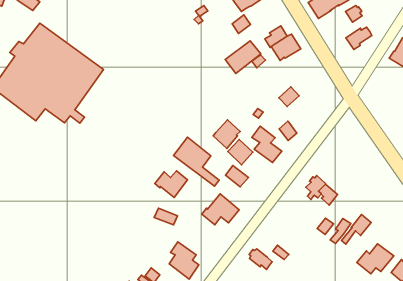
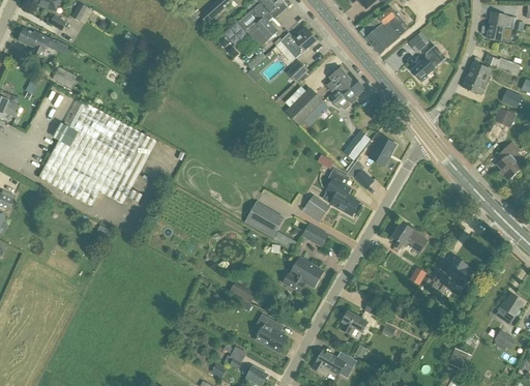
building: none -> [369,136,395,166]
building: [213,120,240,148] -> none
building: [155,171,188,198] -> none
building: [357,244,394,274] -> none

